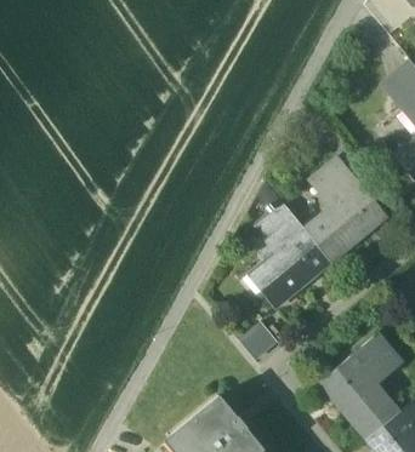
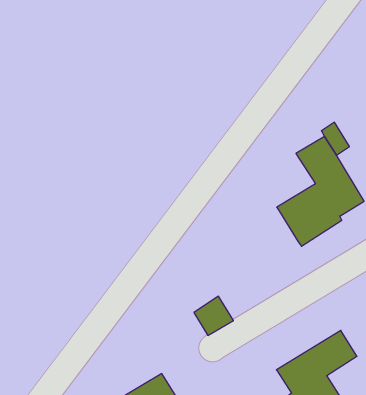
building: [248,205,328,309] -> none

